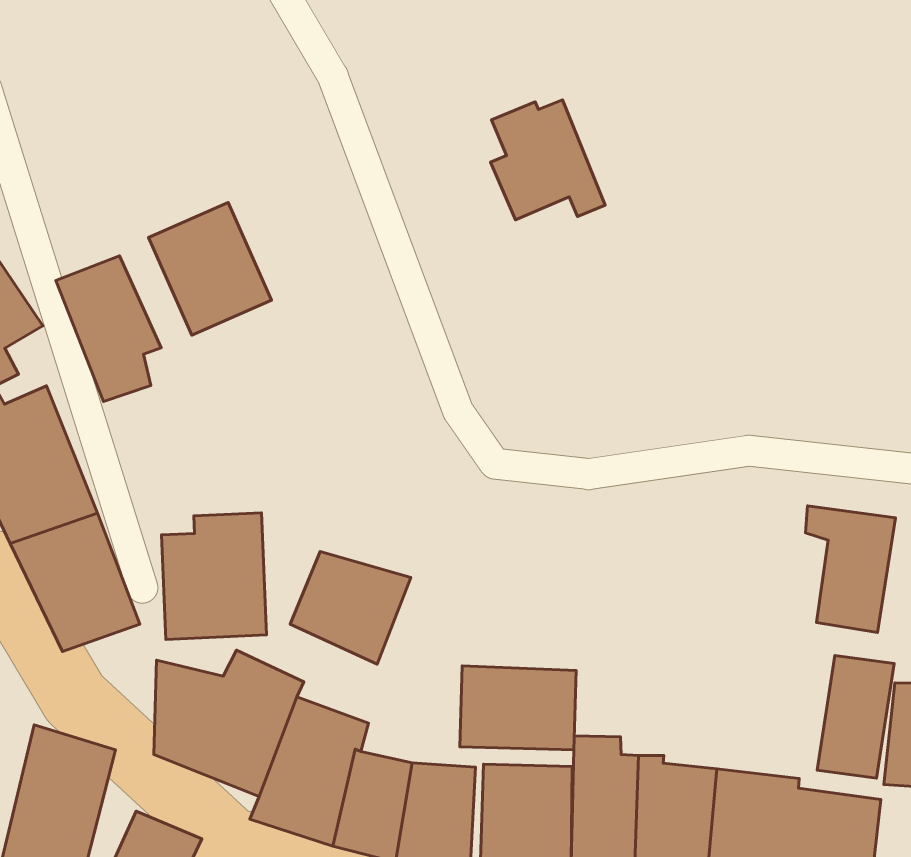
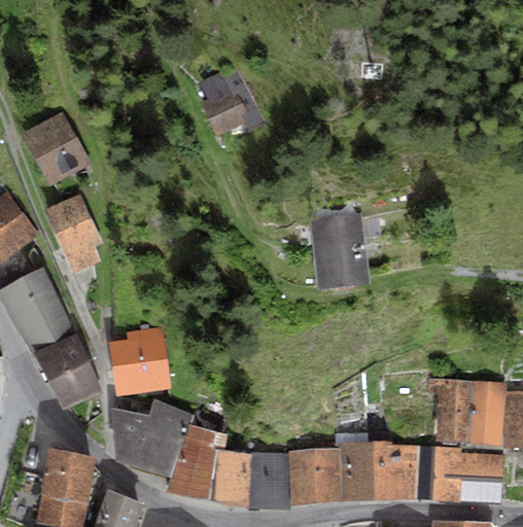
building: [490,100,605,220] -> [201,68,265,134]
building: [149,203,272,335] -> [22,112,90,184]
building: none -> [309,213,369,285]
building: [805,506,895,632] -> [426,378,474,443]
building: [290,552,411,664] -> none
building: [460,666,576,750] -> none

